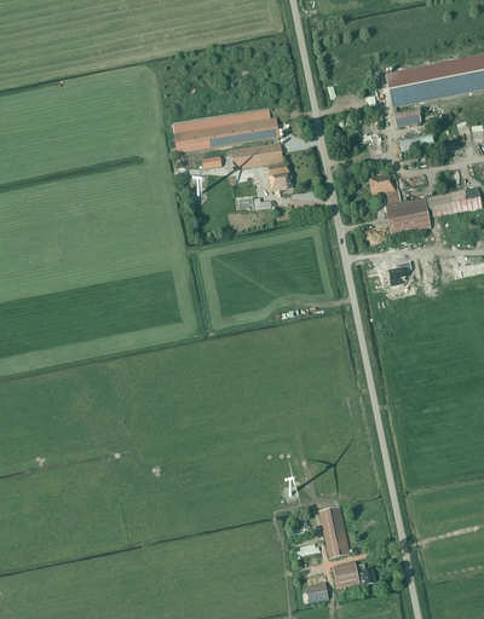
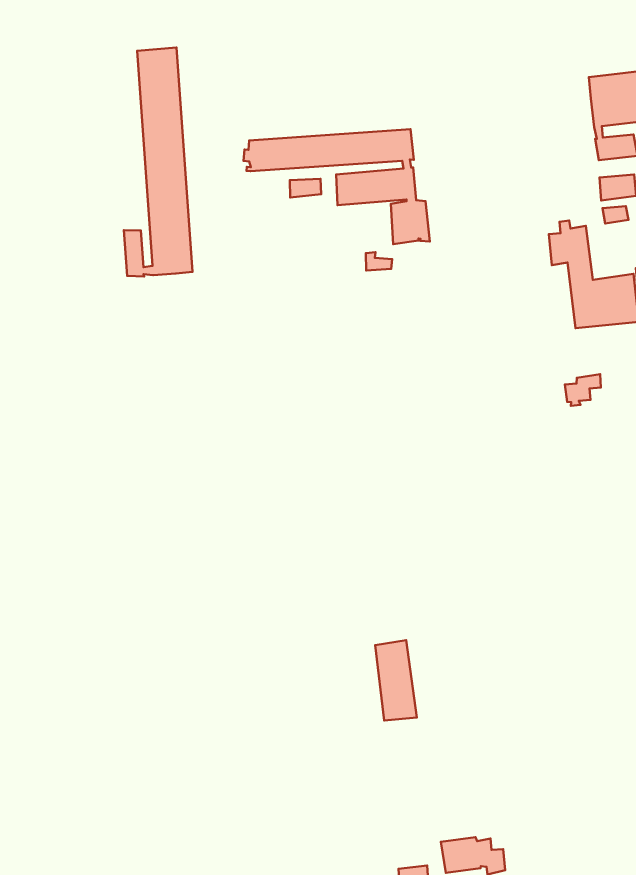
building: none -> [124,48,192,276]
building: [319,504,350,556] -> [375,640,417,721]

